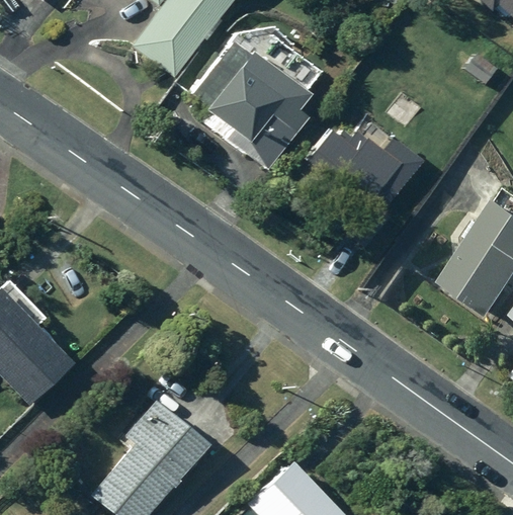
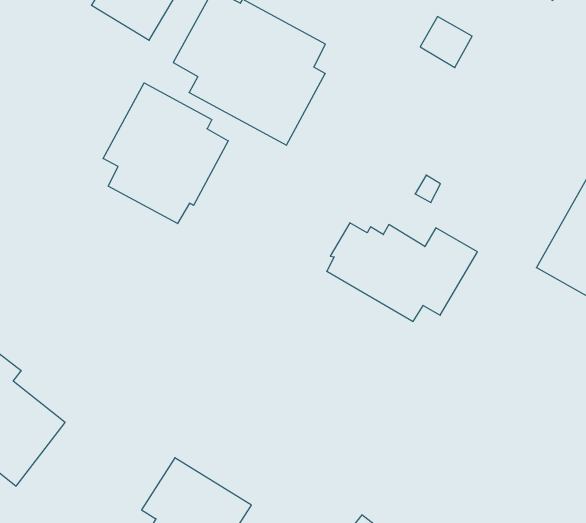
building: none -> [103,83,228,224]
building: [306,128,422,209] -> [327,223,477,321]

